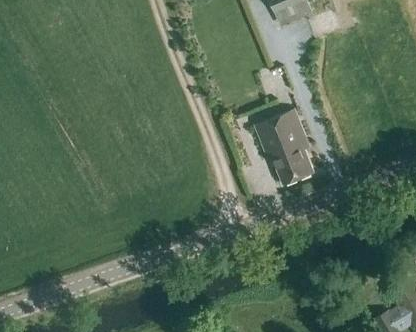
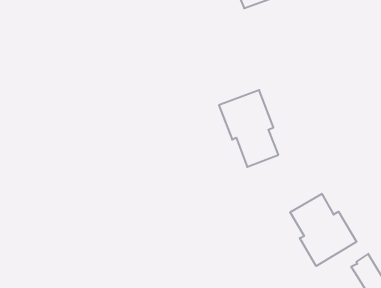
building: none -> [290,194,357,266]

